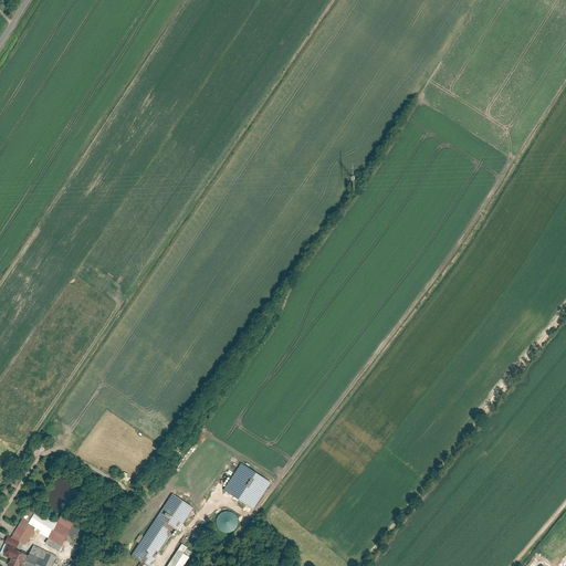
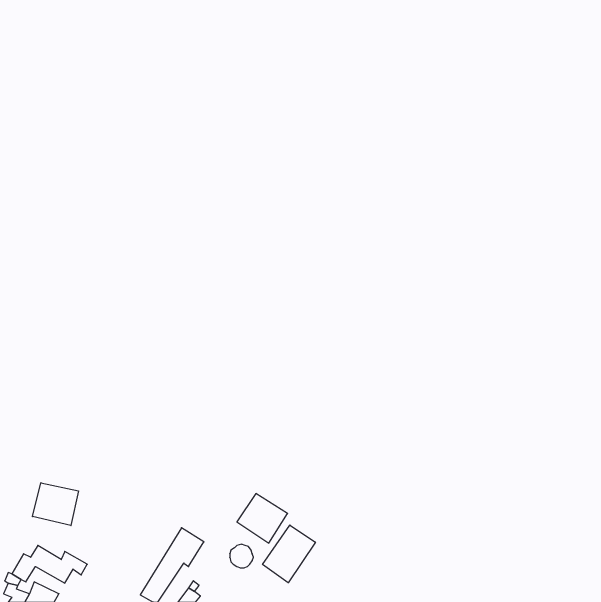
building: none -> [32,483,78,526]
building: none -> [263,525,315,583]

